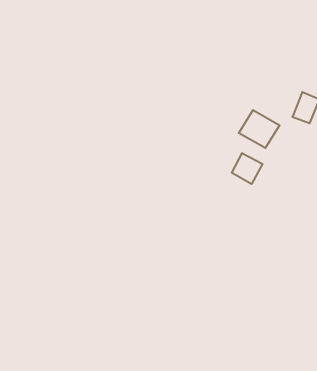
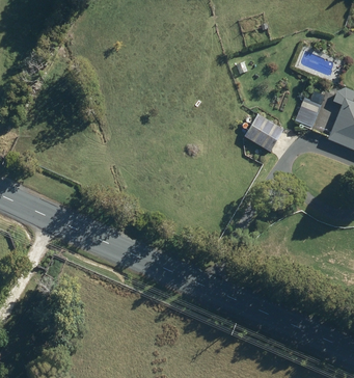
building: [232,153,263,184] -> none

